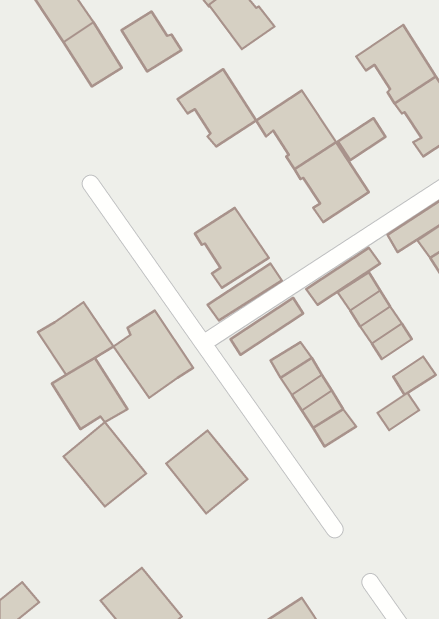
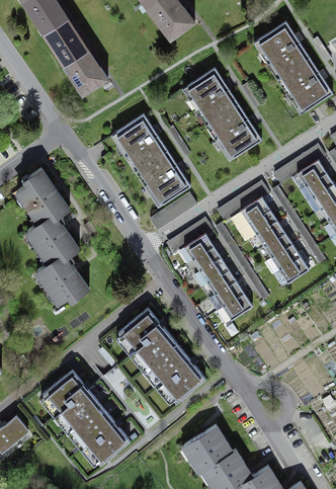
building: [121,12,181,72] -> [66,52,108,94]
building: [178,69,256,146] -> [111,114,167,169]
building: [338,118,386,160] -> none
building: [113,311,193,398] -> [14,170,71,232]
building: none -> [184,233,214,259]
building: [378,393,419,430] -> [271,244,301,270]
building: [63,422,146,506] -> [43,370,101,429]
building: none -> [147,343,205,403]

